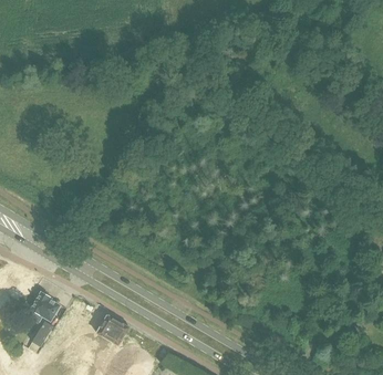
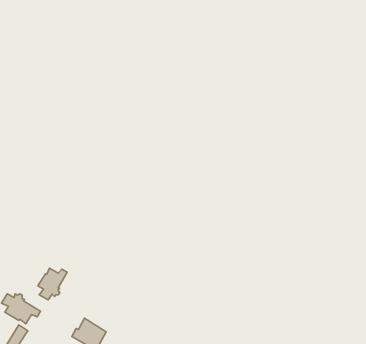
building: none -> [38,268,67,300]

